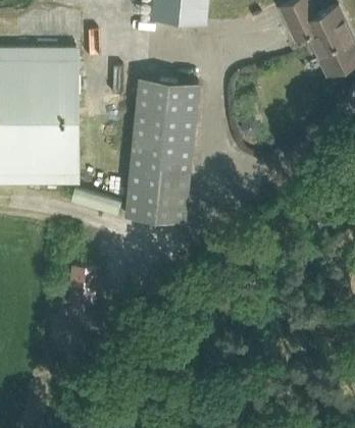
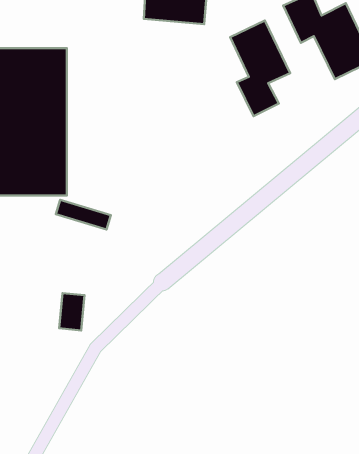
building: none -> [230,21,290,116]
building: [124,78,199,223] -> none

